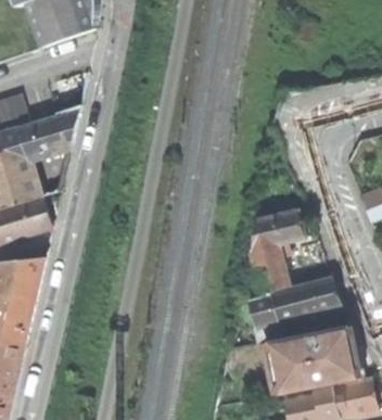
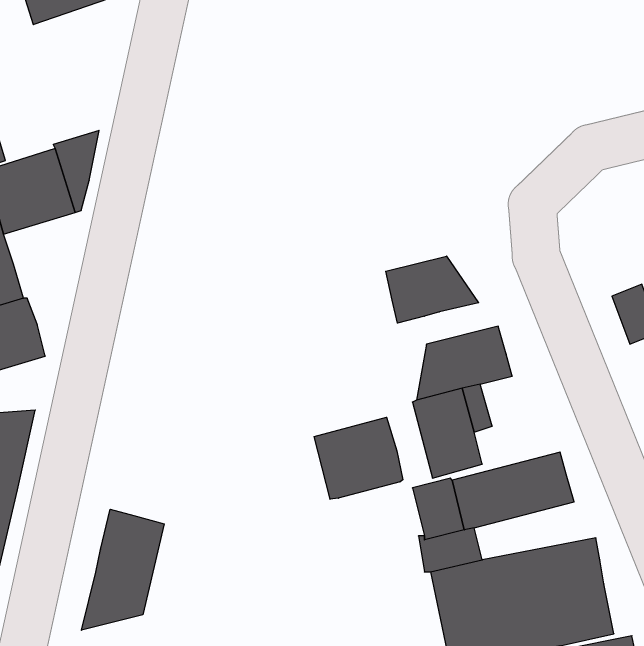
building: none -> [386,256,479,323]
building: none -> [314,417,403,499]
building: none -> [81,509,164,630]

